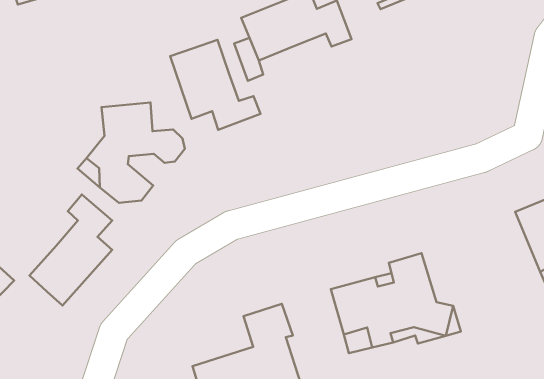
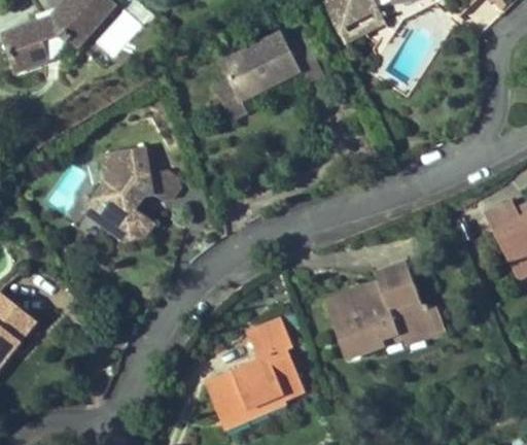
building: [170,40,261,130] -> none
building: [30,195,112,306] -> none

